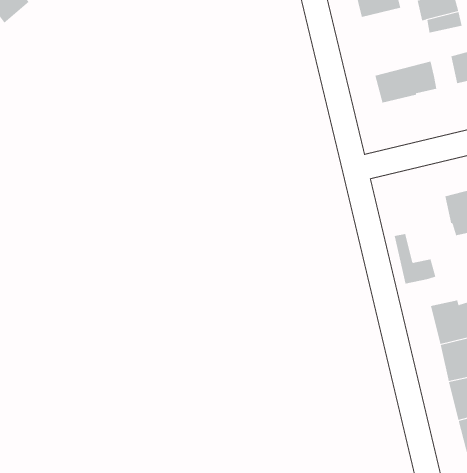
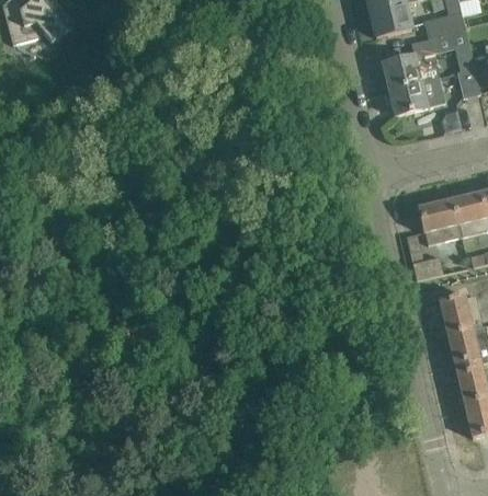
building: none -> [383,53,440,90]
building: none -> [418,199,462,244]

